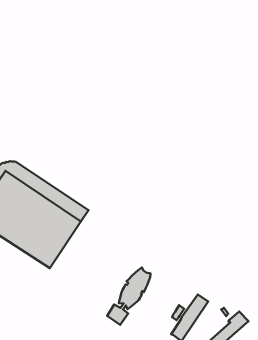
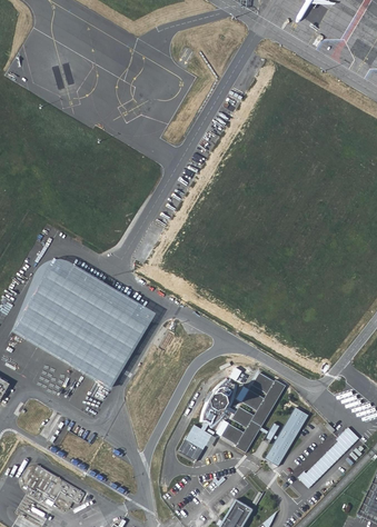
building: none -> [222,374,286,454]

